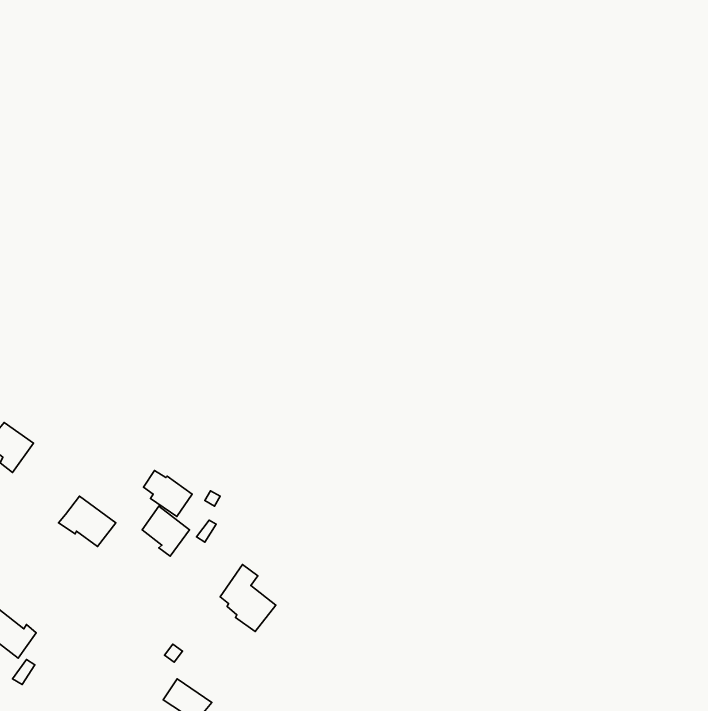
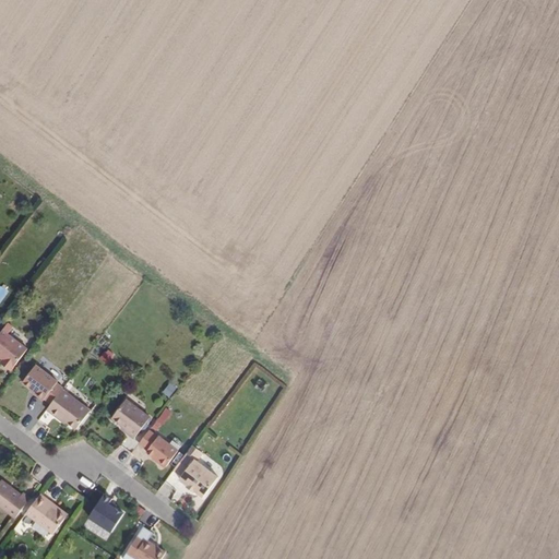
building: none -> [23,366,63,404]
building: [143,470,192,516] -> [139,429,177,465]
building: none -> [24,492,64,534]
building: none -> [86,496,122,534]

